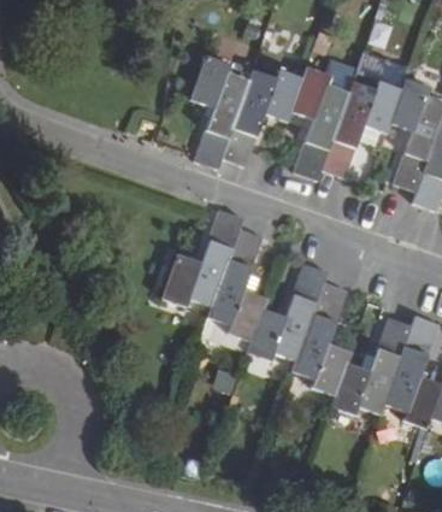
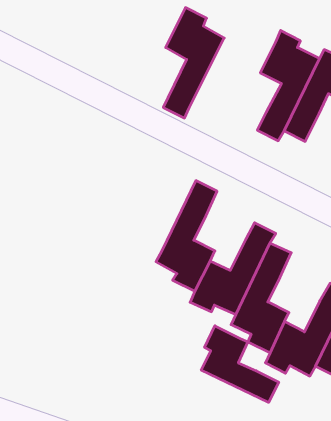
building: [222,66,302,164] -> none
building: [166,210,241,305] -> none
building: none -> [201,326,279,402]

